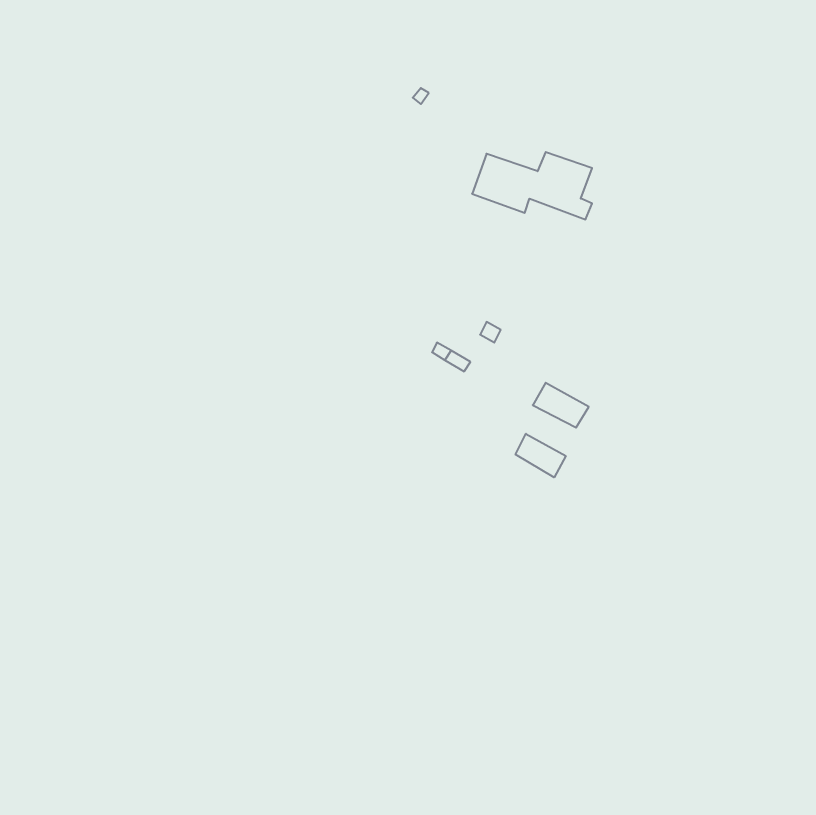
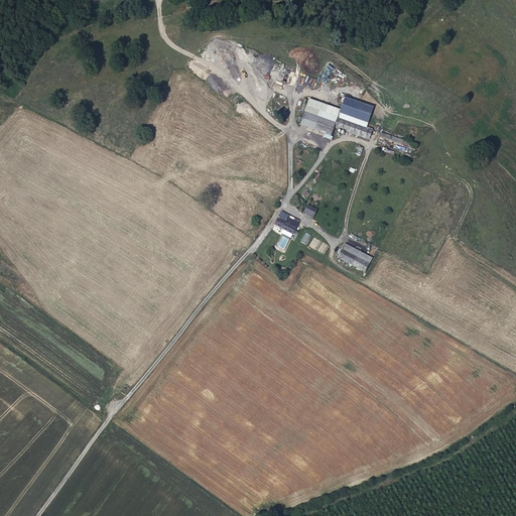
building: [516,434,566,477] -> none

